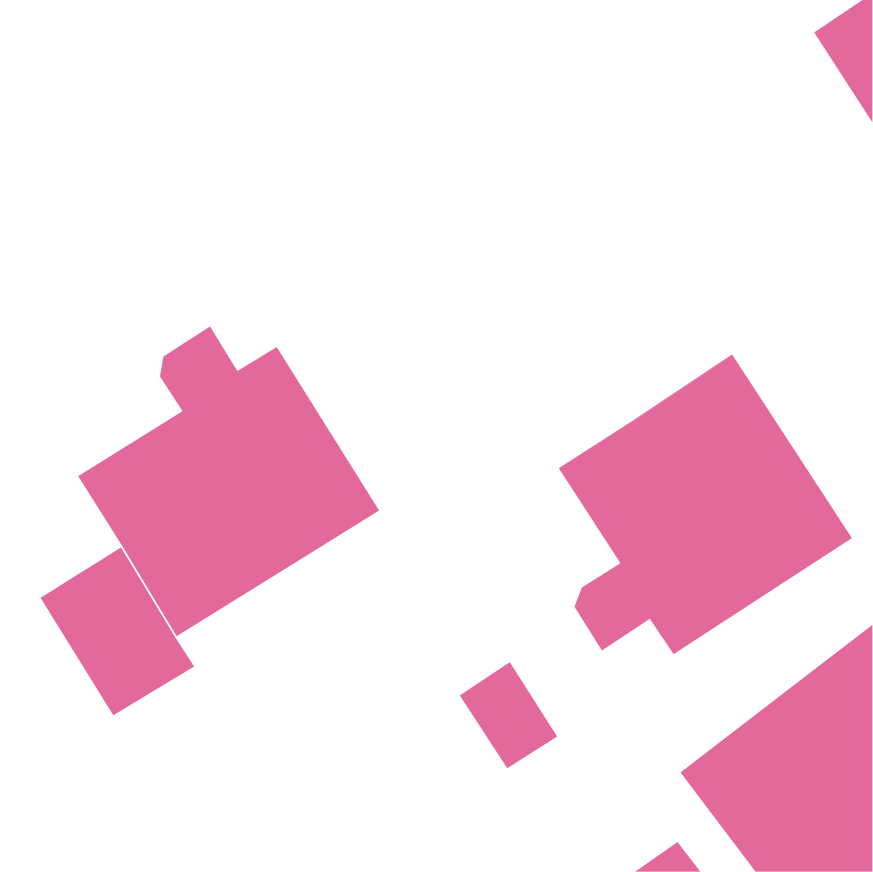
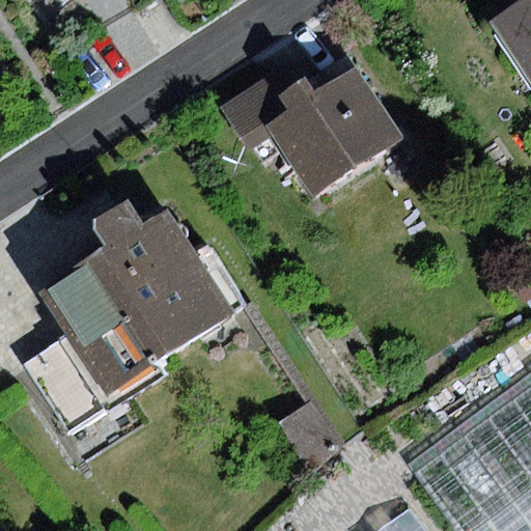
building: none -> [224,49,406,199]
building: [558,353,853,655] -> none

